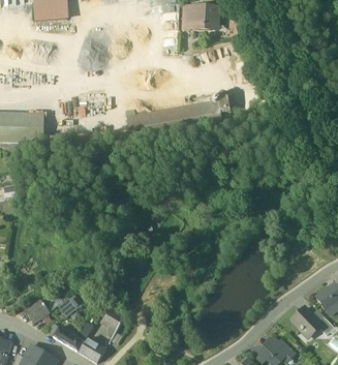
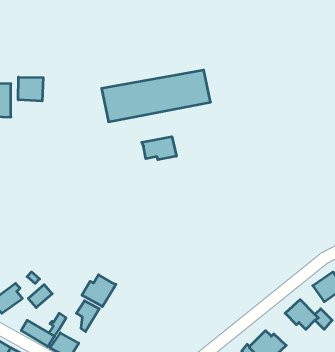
building: none -> [18,77,43,101]
building: none -> [142,137,176,160]
building: none -> [82,275,116,307]

